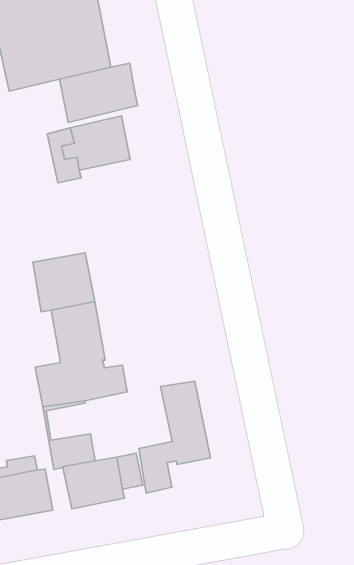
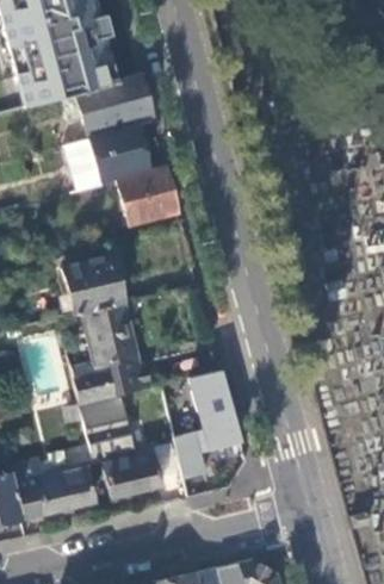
building: none -> [116,167,178,224]
building: none -> [83,398,126,435]

